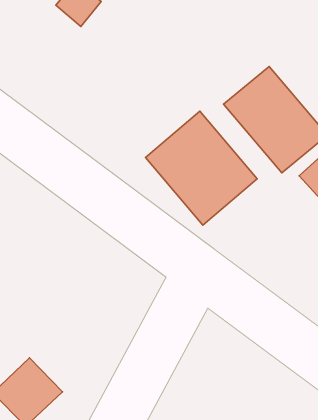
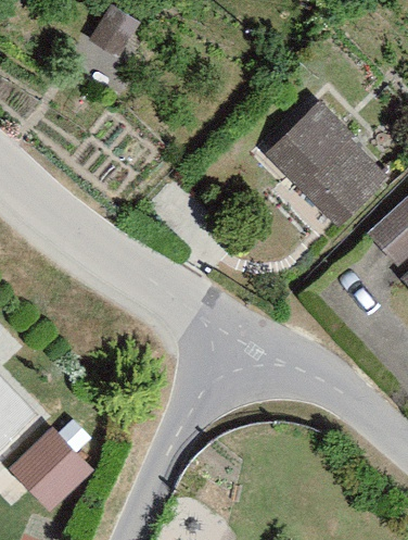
building: [146,111,257,225] -> none

